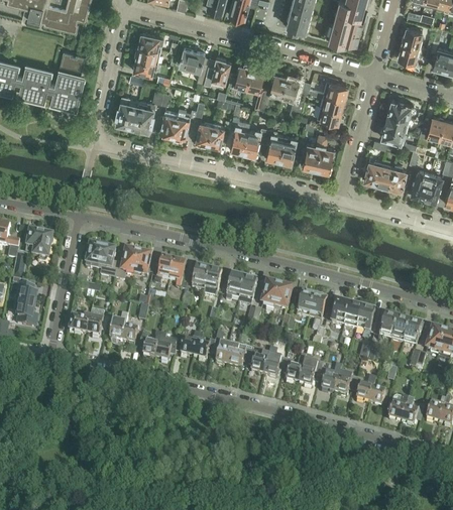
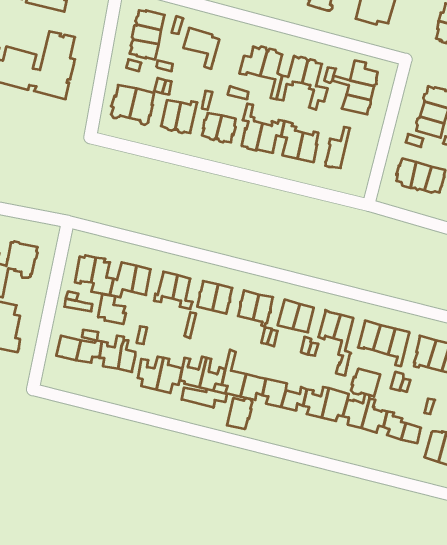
building: [203,54,230,84] -> none
building: [315,133,335,171] -> none
building: none -> [98,294,126,324]
building: none -> [351,369,380,397]
building: none -> [182,388,227,408]
building: none -> [227,398,252,429]

